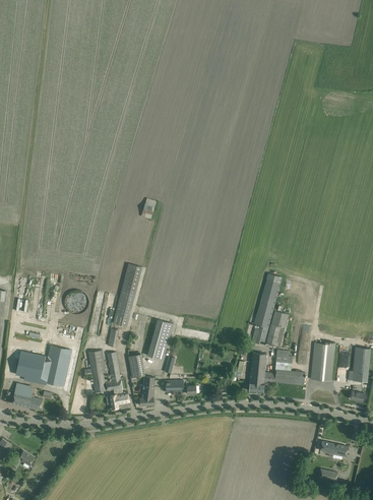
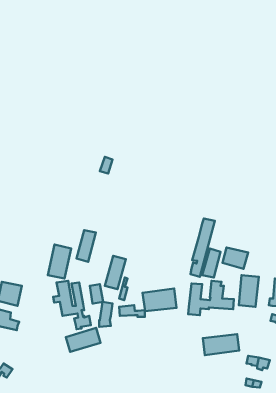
building: none -> [222,247,248,269]
building: [43,345,71,386] -> [48,244,71,279]
building: none -> [143,288,176,311]
building: none -> [66,328,100,352]
building: none -> [203,334,239,355]

